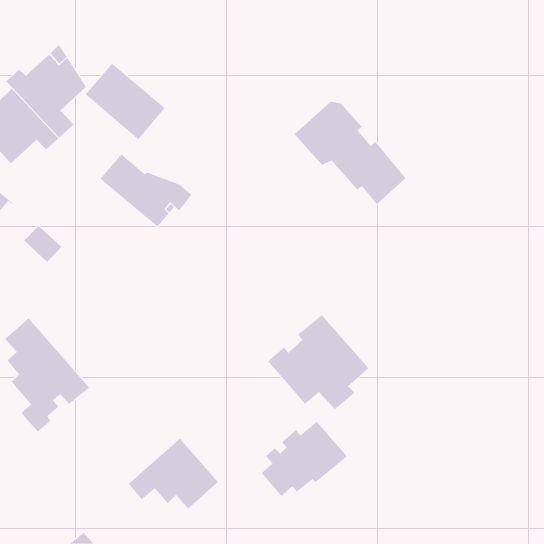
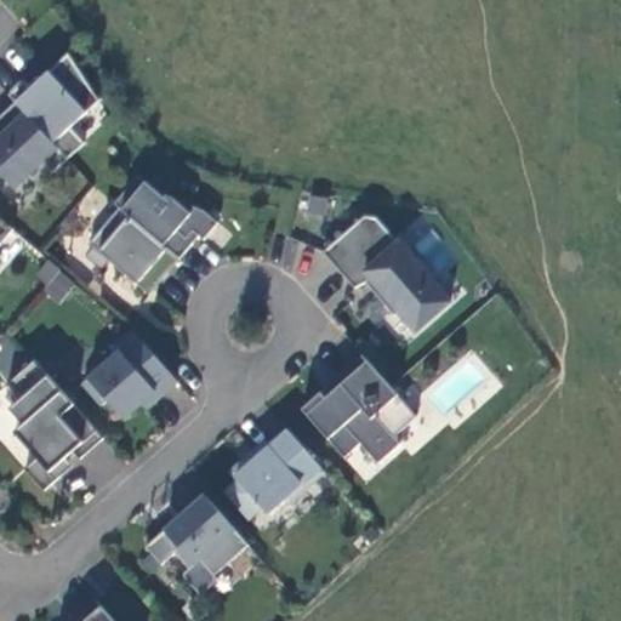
building: [85,63,165,140] -> [87,206,178,294]
building: [294,101,407,205] -> [324,213,451,331]
building: none -> [81,330,177,418]
building: [261,421,348,497] -> [226,432,324,518]

